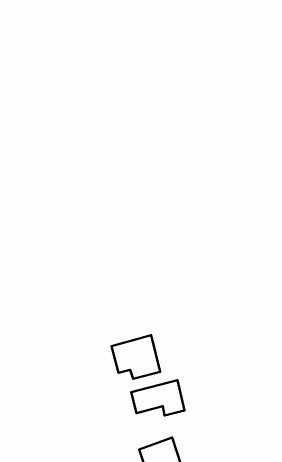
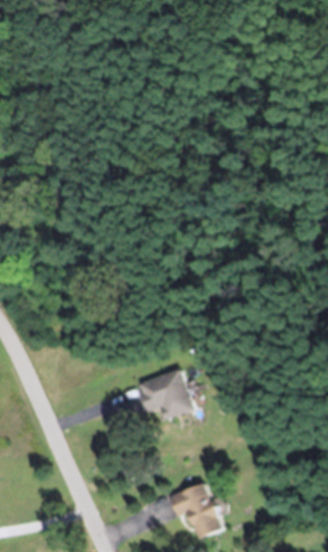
building: [131,380,184,416] -> none

